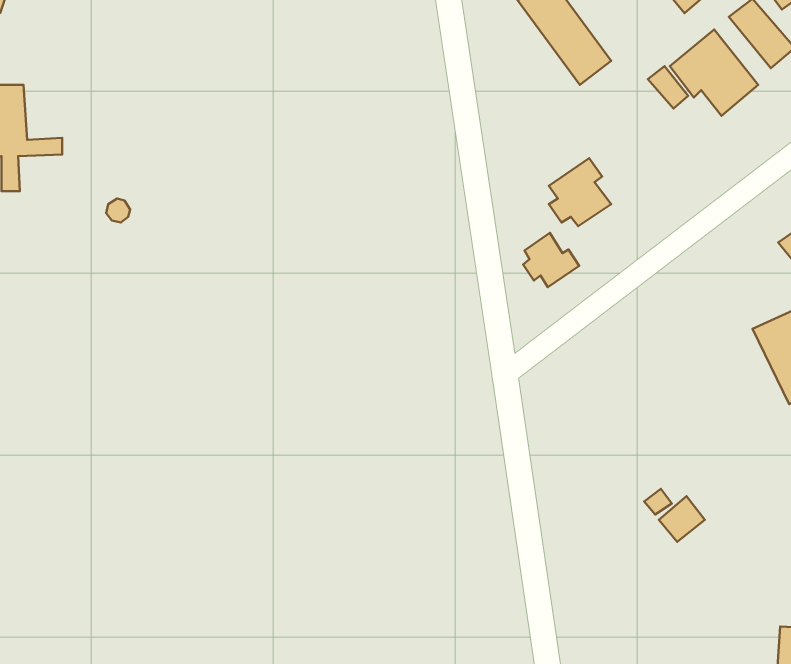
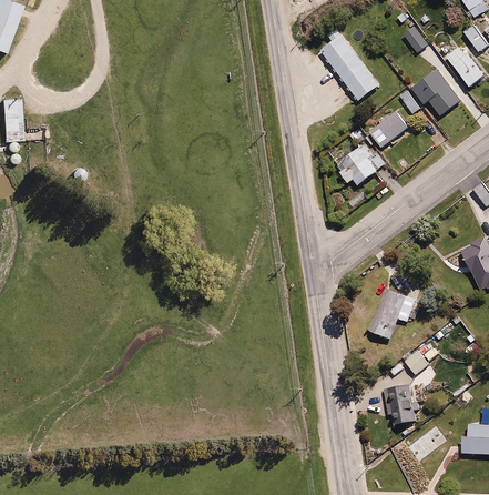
building: none -> [367,110,405,145]
building: [523,233,579,287] -> none
building: none -> [368,290,414,340]
building: none -> [385,386,418,426]

